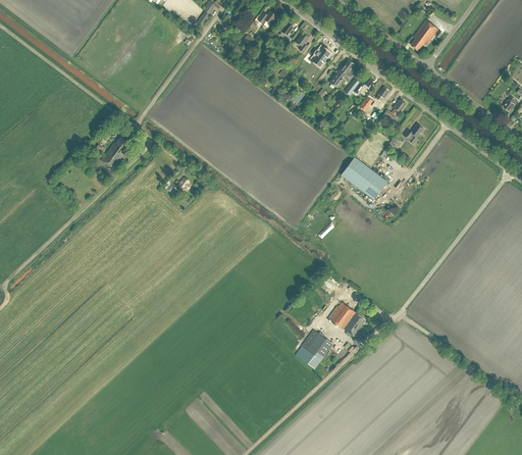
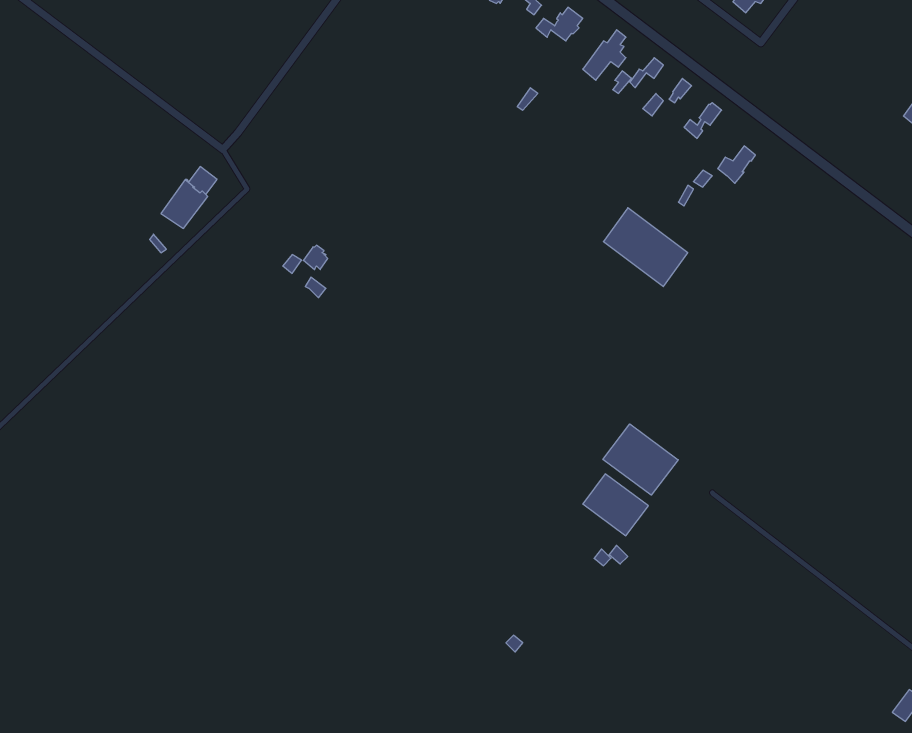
building: none -> [603,424,678,495]
building: [297,328,334,367] -> none

